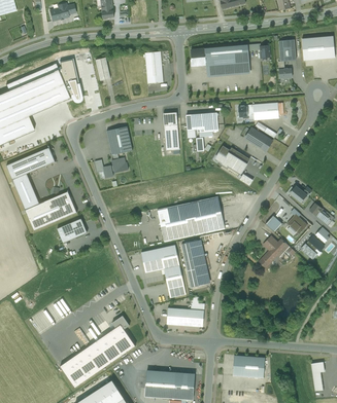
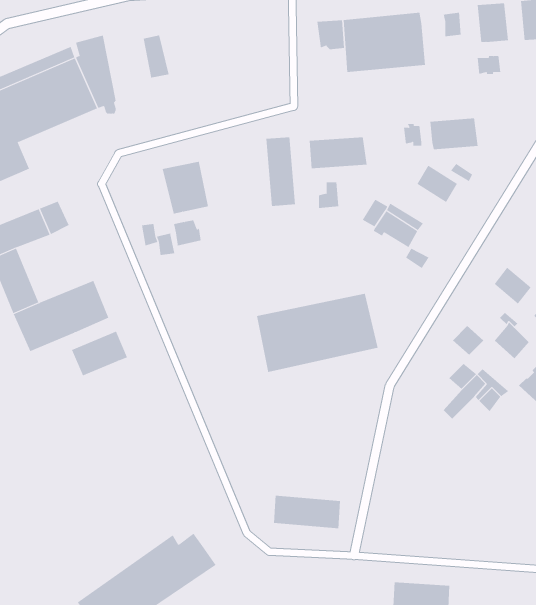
building: [145,50,164,83] -> none
building: [181,240,210,287] -> none
building: [141,244,186,297] -> none

